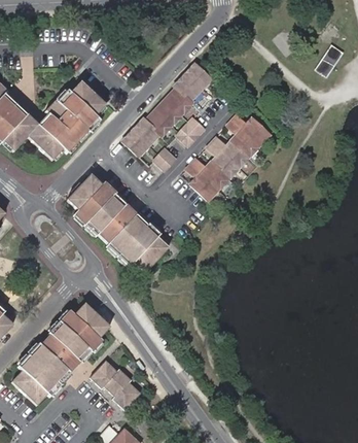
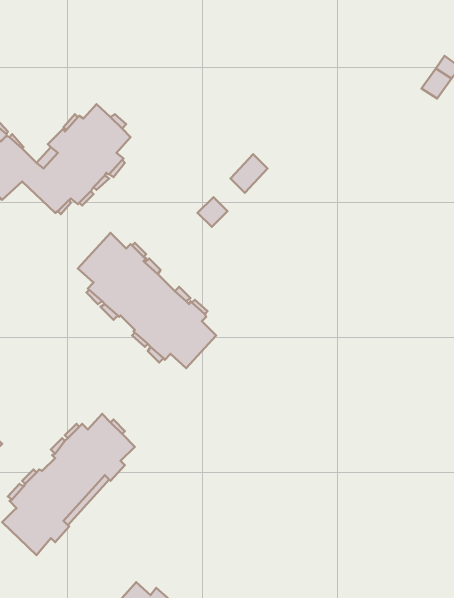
building: [122,63,211,155] -> none
building: [186,114,270,200] -> none
building: [91,362,140,410] -> none

